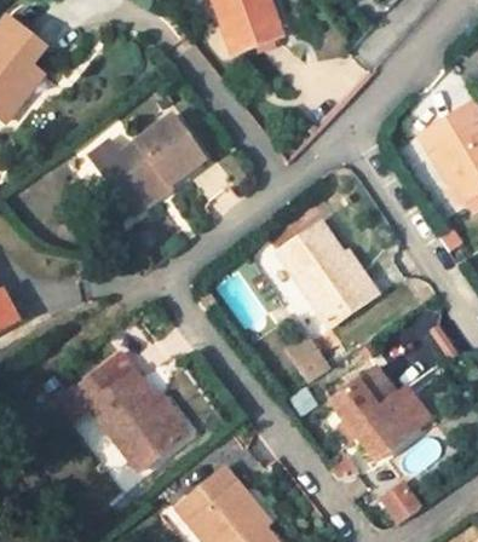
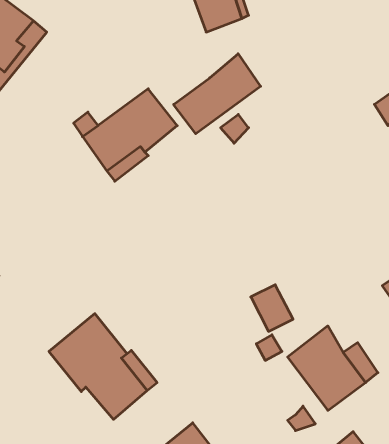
building: none -> [174,54,261,134]
building: [271,221,369,330] -> none

